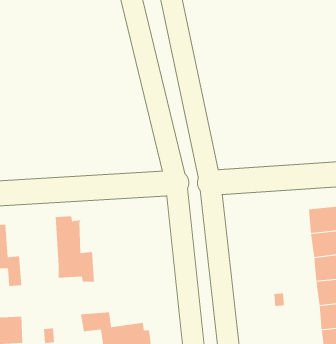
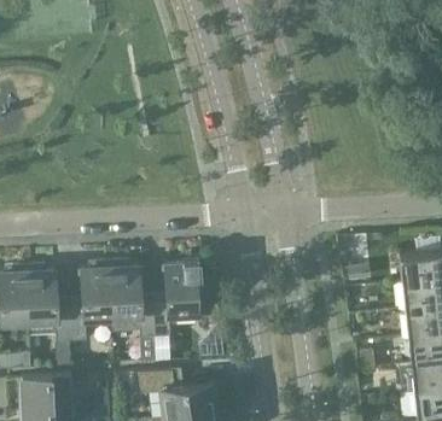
building: none -> [151,263,198,339]
building: none -> [68,264,111,343]

